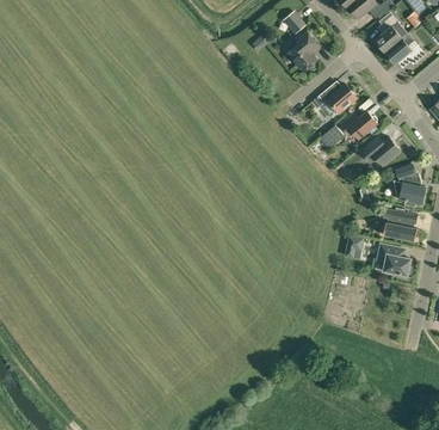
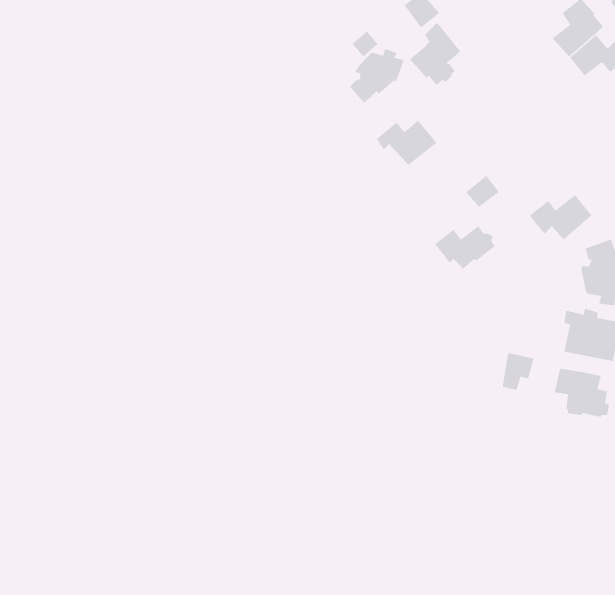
building: none -> [349,48,405,104]
building: [319,84,357,112] -> [376,120,437,166]
building: [340,111,378,139] -> [434,225,496,269]

